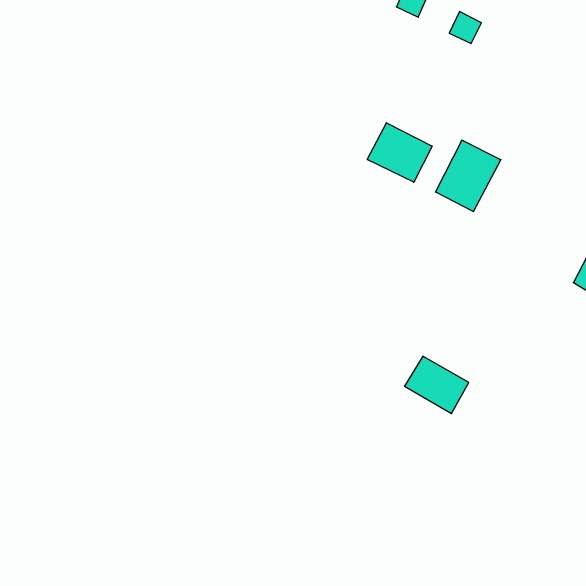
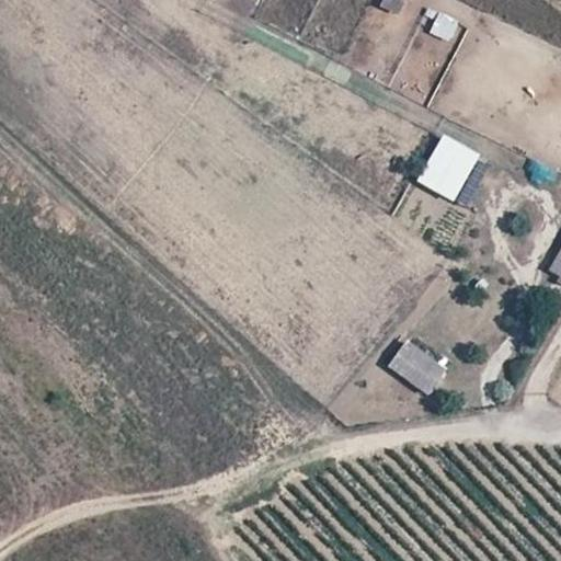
building: [367,123,432,182] -> none

